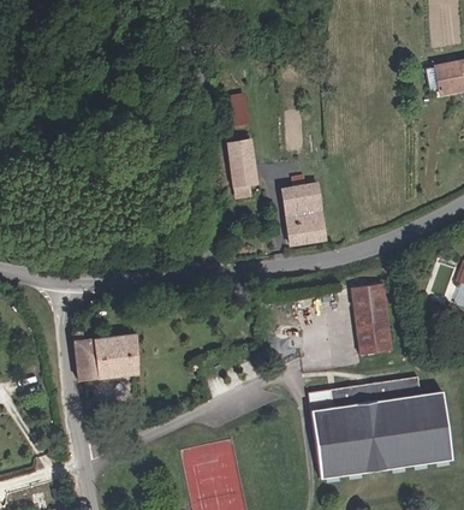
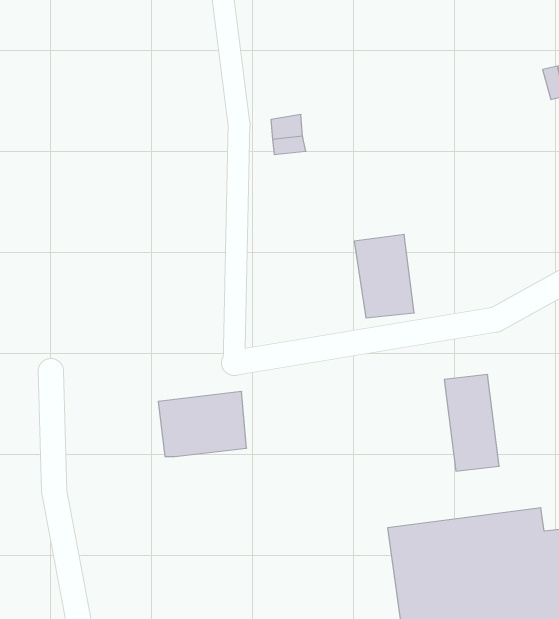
building: [228,140,256,198] -> none
building: [75,334,138,381] -> [158,391,247,456]

